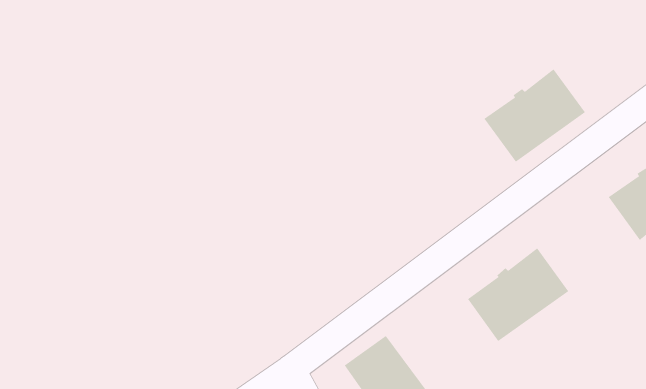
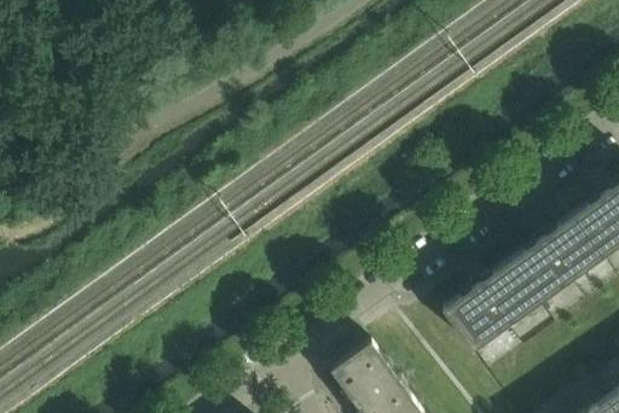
building: [484,69,586,163] -> [509,217,602,303]

